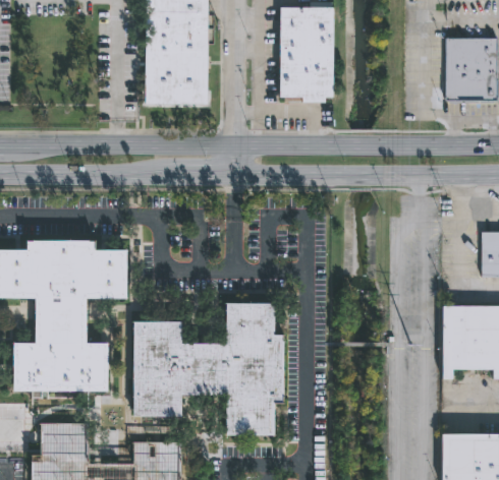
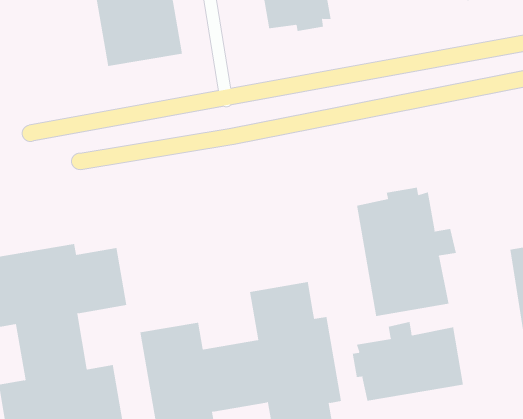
building: none -> [357,187,456,317]
building: none -> [352,321,464,402]

